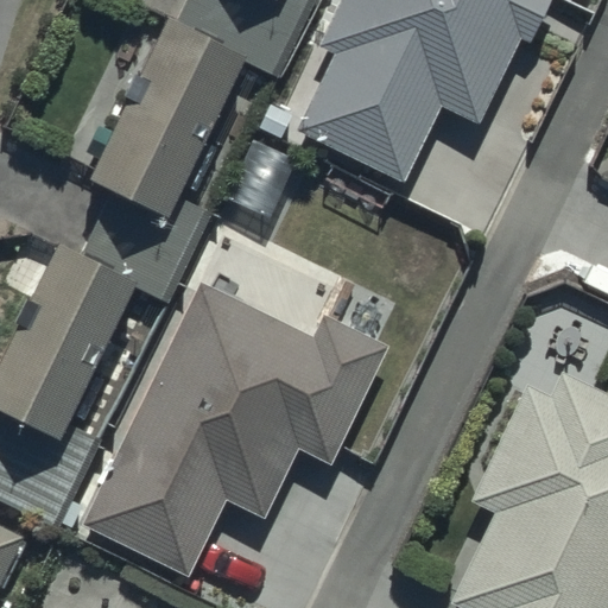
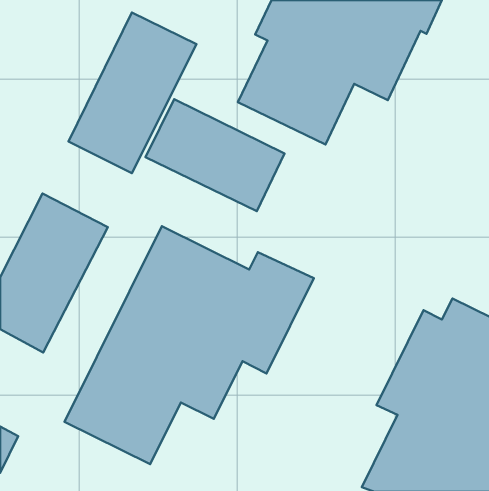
building: none -> [145,99,285,211]

